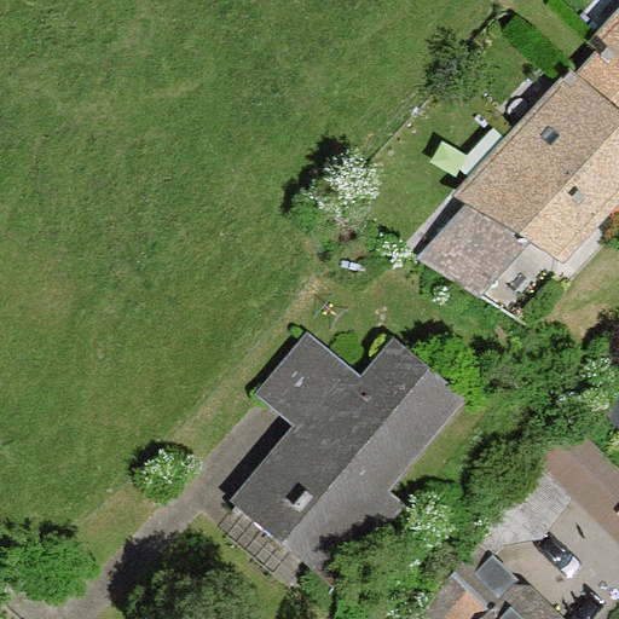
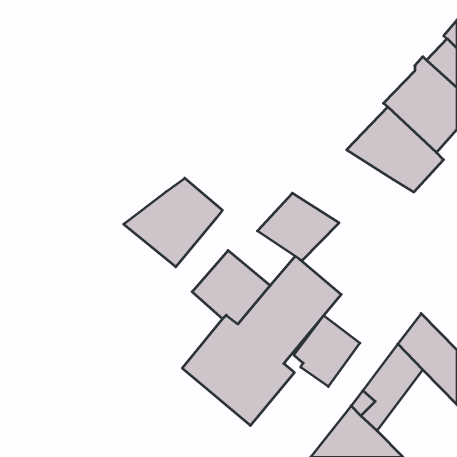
building: [420,202,530,293] -> [257,193,339,260]
building: none -> [124,178,222,267]
building: none -> [294,315,360,387]

